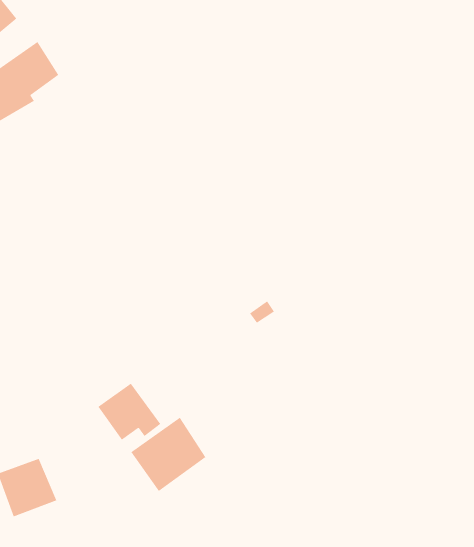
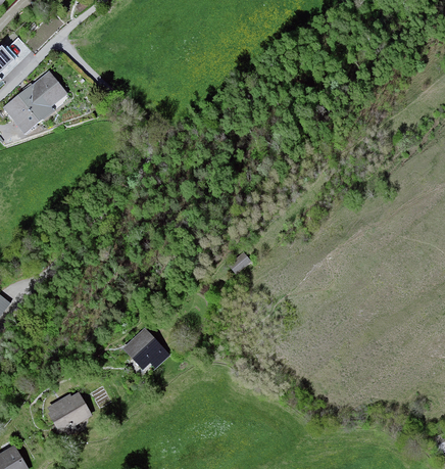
building: [130,417,206,492] -> none

